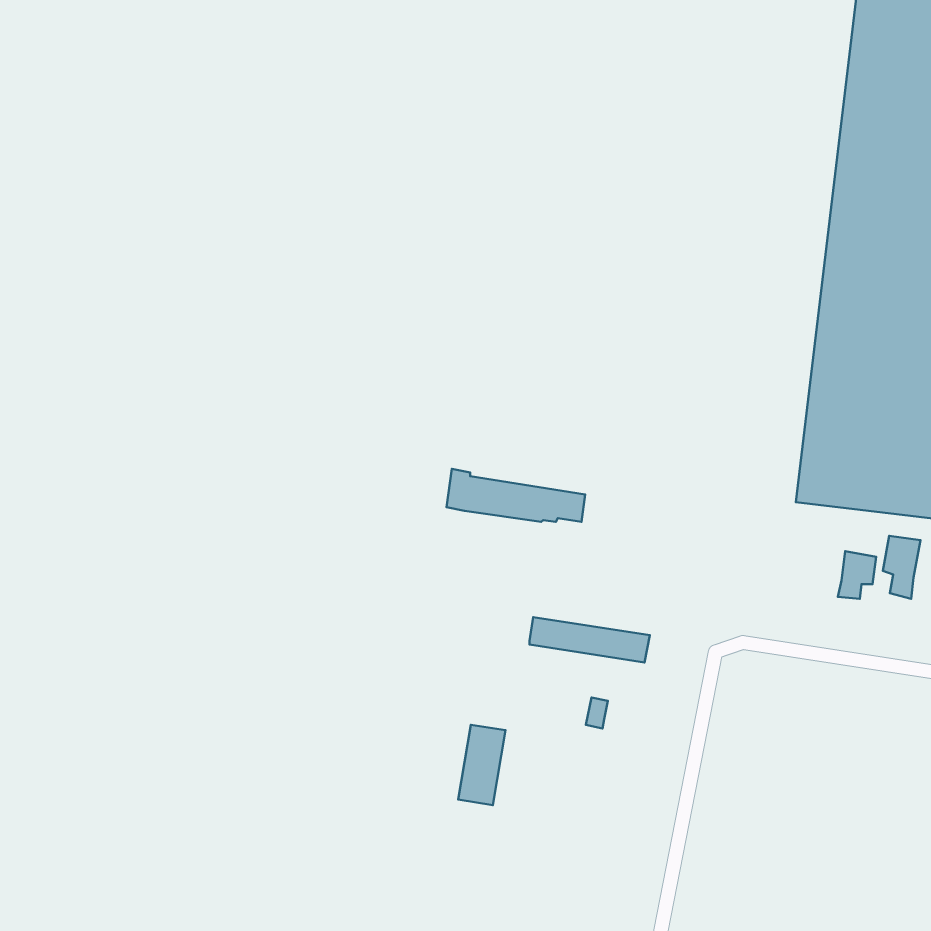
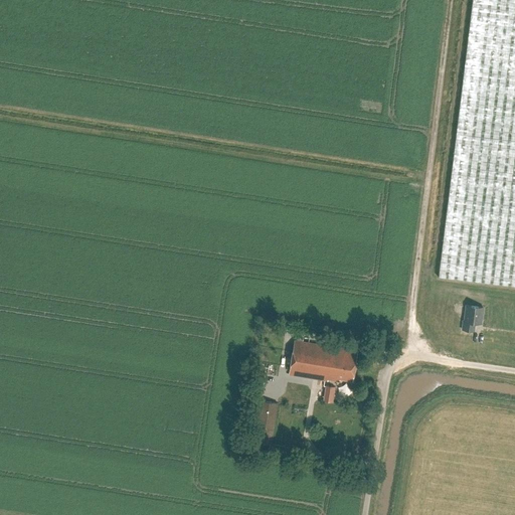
building: [446,469,585,522] -> [280,351,356,380]
building: [883,536,920,599] -> none

